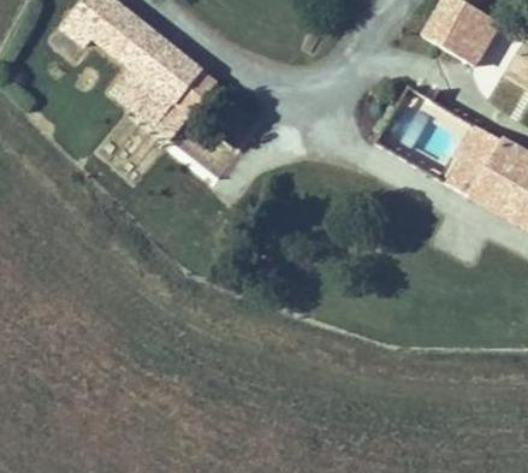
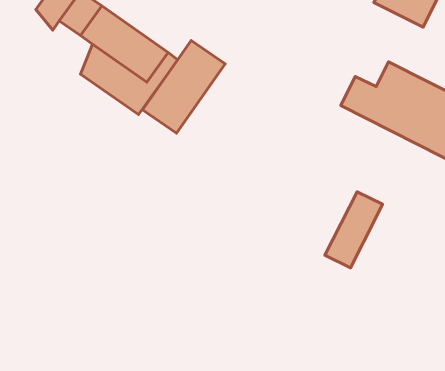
building: none -> [143,41,225,133]
building: none -> [325,192,383,268]

